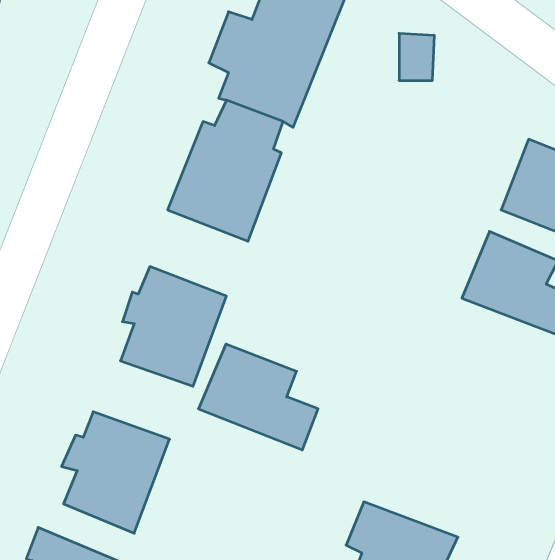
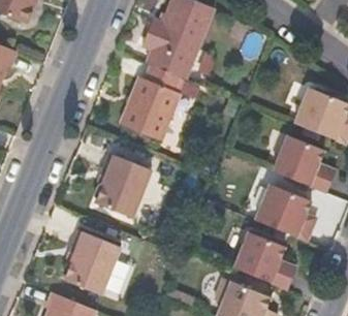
building: none -> [256,187,317,242]
building: [198,344,318,450] -> [234,233,297,289]

